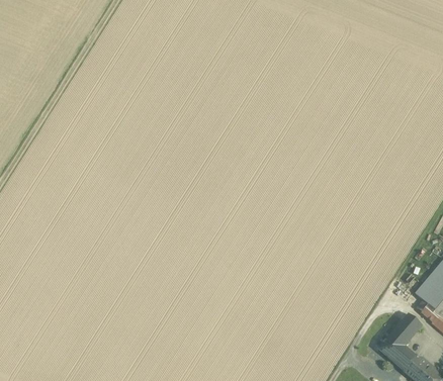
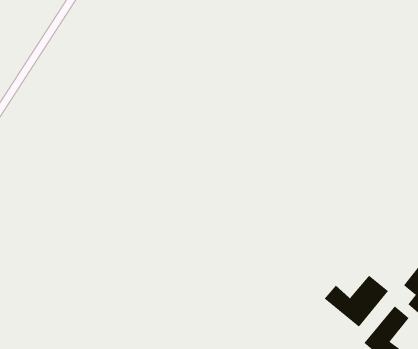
building: none -> [324,275,389,327]

